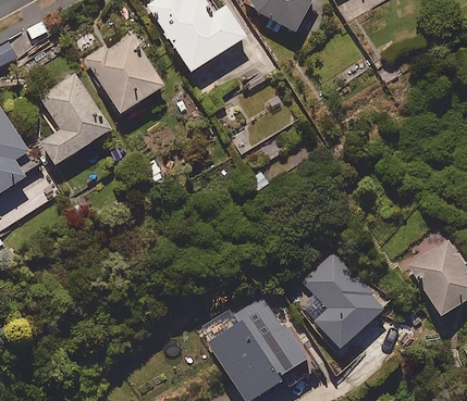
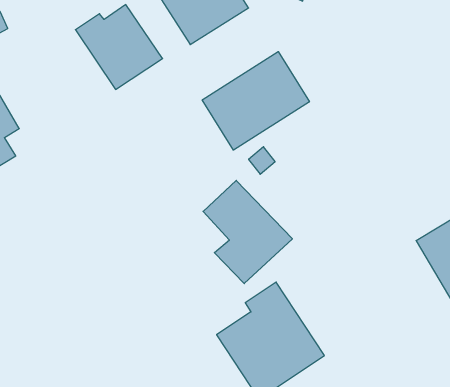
building: [37,72,110,165] -> none
building: none -> [202,52,309,150]
building: [300,250,385,348] -> [203,180,292,284]

